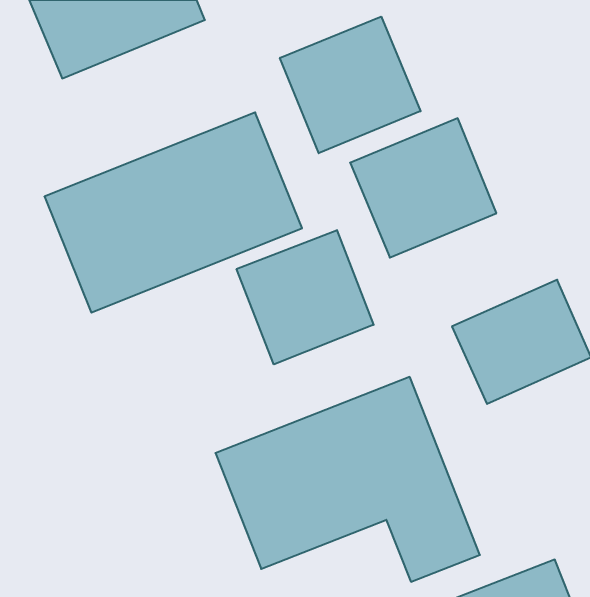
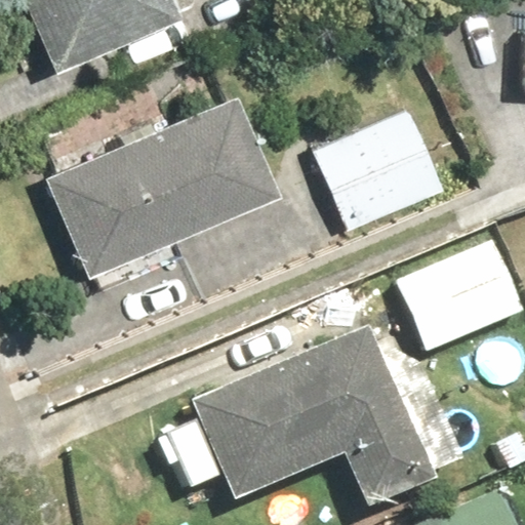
building: [280,17,421,153] -> none
building: [237,230,374,364] -> none

